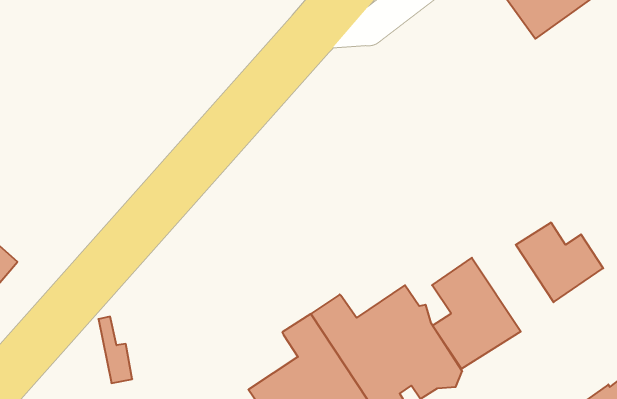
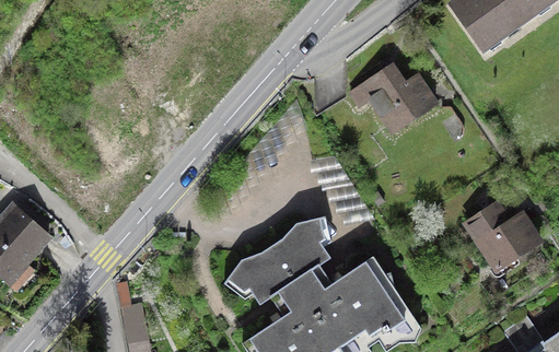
building: none -> [363,66,435,132]
building: none -> [231,219,330,304]
building: [432,258,521,369] -> none

